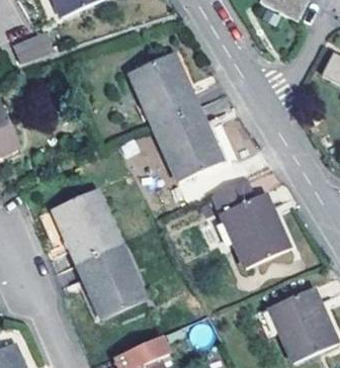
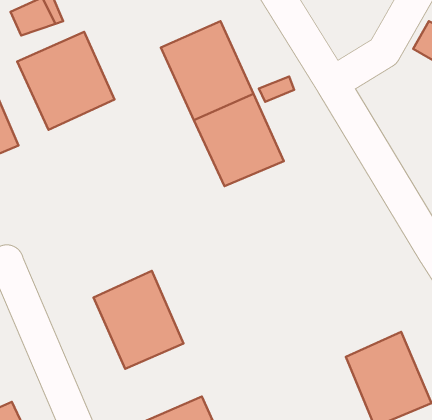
building: none -> [17,32,115,130]
building: [54,189,121,263] -> none
building: [221,193,289,266] -> none

